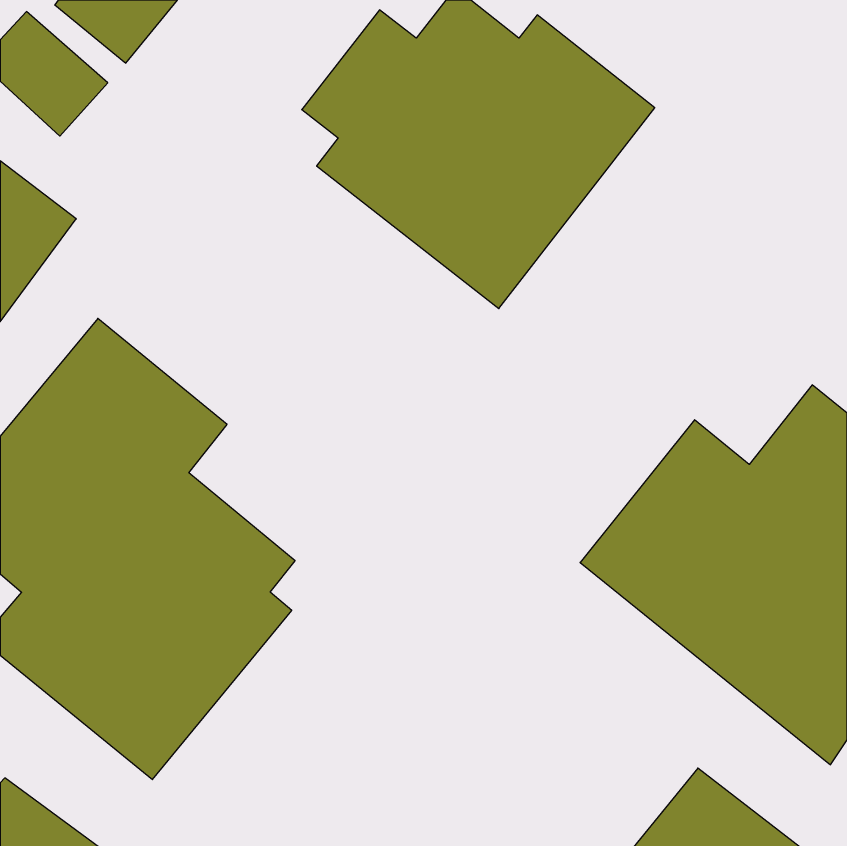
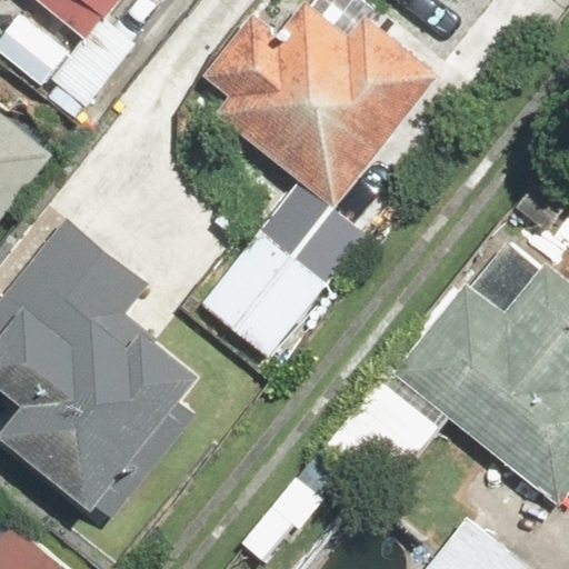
building: none -> [196,228,329,362]

